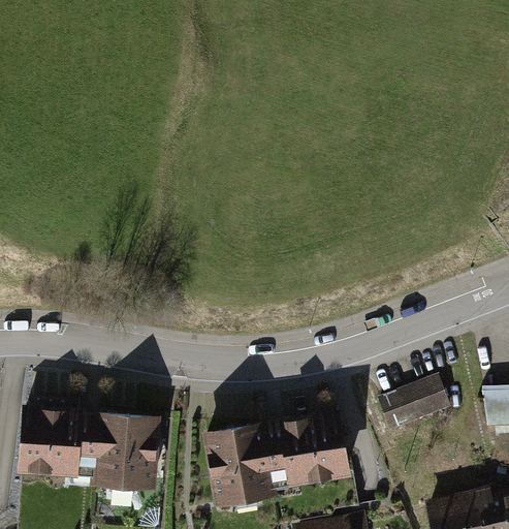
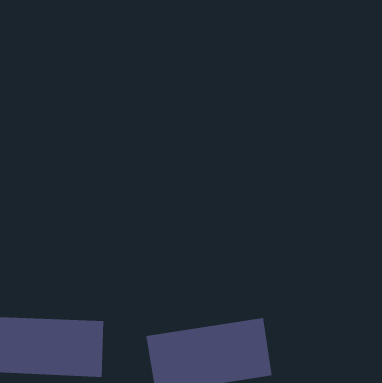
building: [380,377,450,432] -> none

